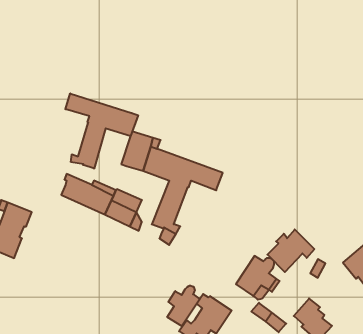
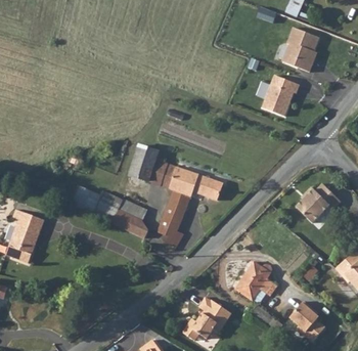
building: none -> [282,28,319,72]
building: none -> [262,75,300,117]
building: [65,93,138,169] -> none
building: [267,229,314,272] -> [296,182,340,222]
building: [167,285,200,326] -> none

